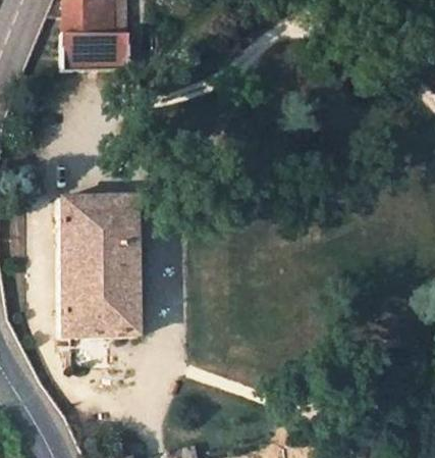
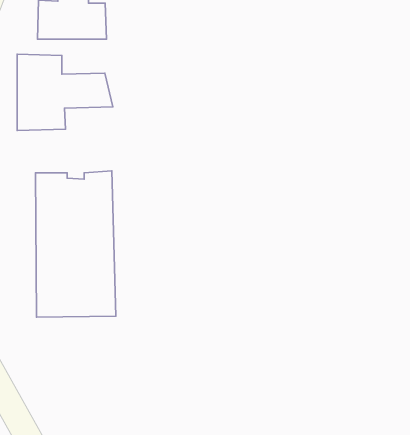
building: none -> [17,54,113,130]

